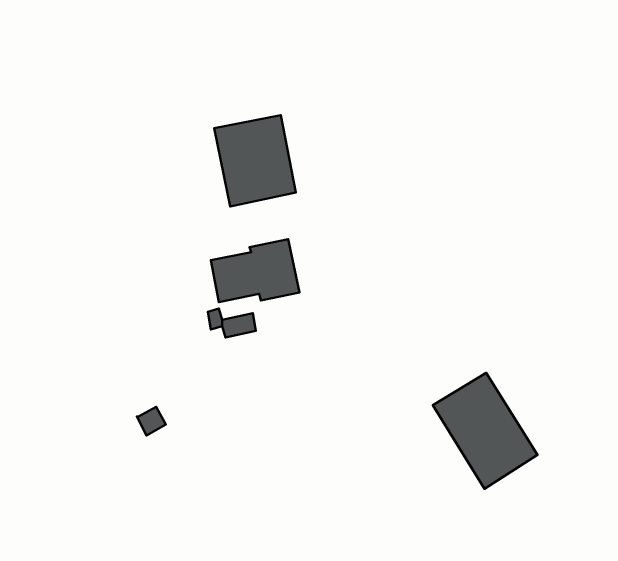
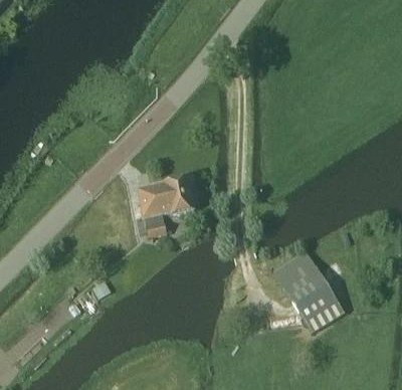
building: [214,115,296,206] -> none

